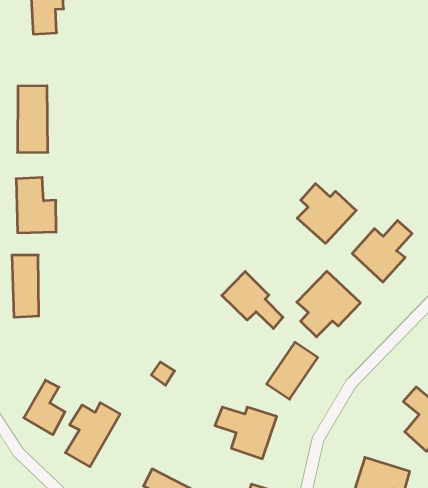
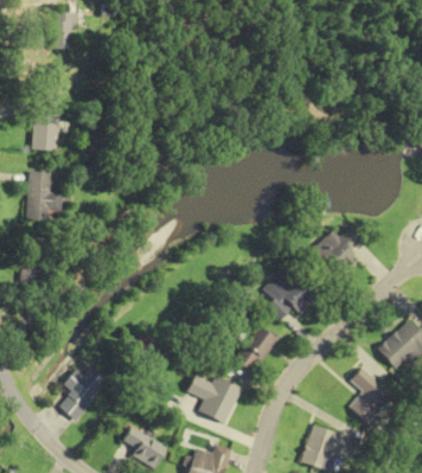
building: [297,184,356,243] -> none
building: [222,271,283,329] -> none
building: [24,380,65,435] -> none

